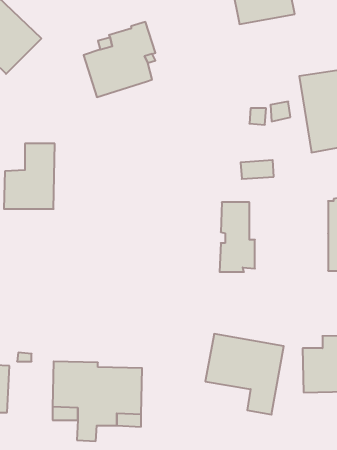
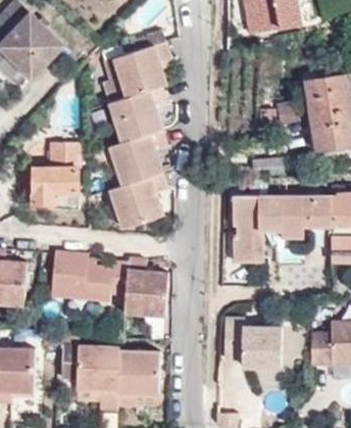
building: none -> [109,86,167,227]
building: none -> [257,196,330,238]
building: none -> [51,251,167,314]

